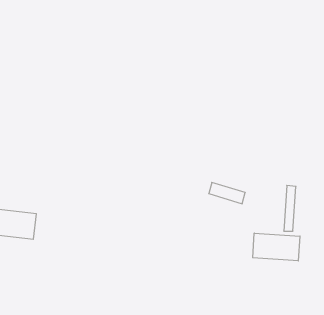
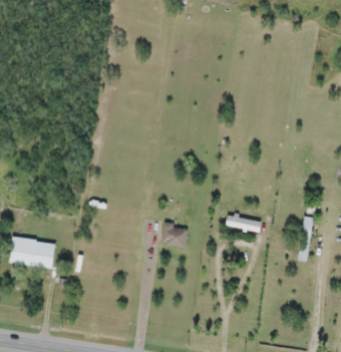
building: none -> [161,223,189,248]
building: [253,233,300,261] -> none

